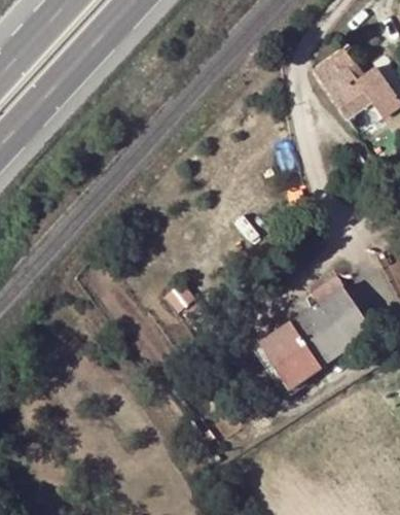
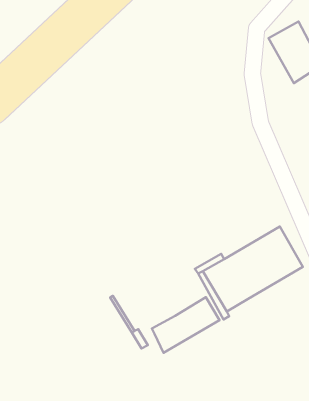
building: none -> [152,297,220,353]

